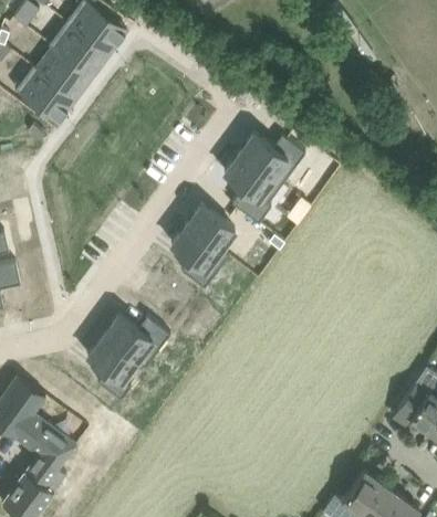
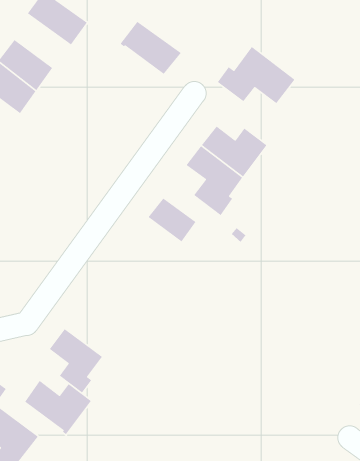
building: [48,23,110,77] -> [120,21,182,75]
building: none -> [217,46,296,104]
building: [171,226,229,289] -> none
building: [103,315,170,370] -> [24,380,92,435]

